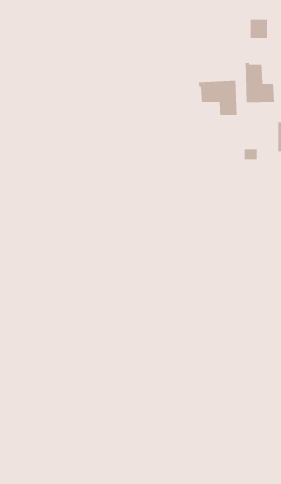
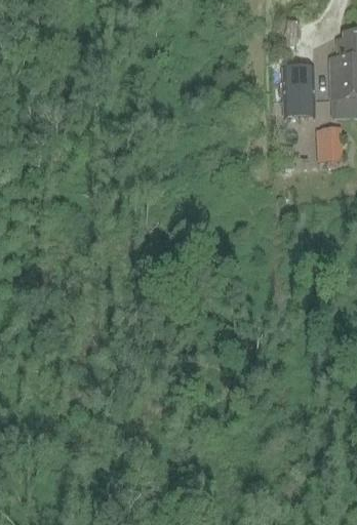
building: [198,80,237,116] -> none

